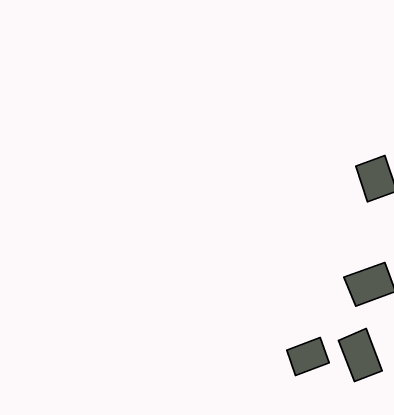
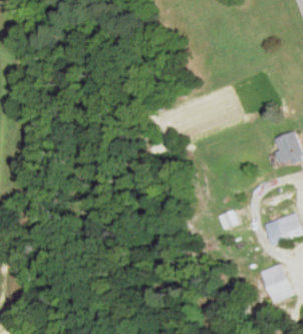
building: [287,337,329,375] -> none

